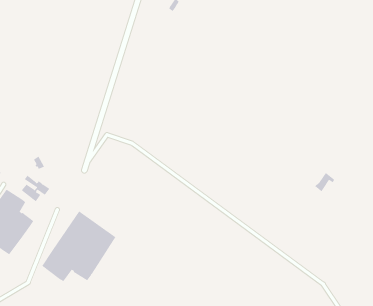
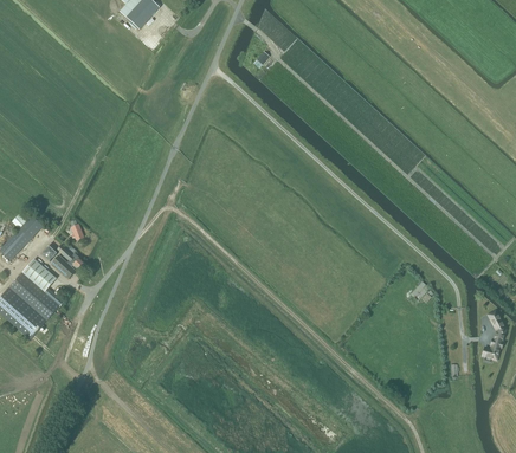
building: [42,211,116,282] -> none

